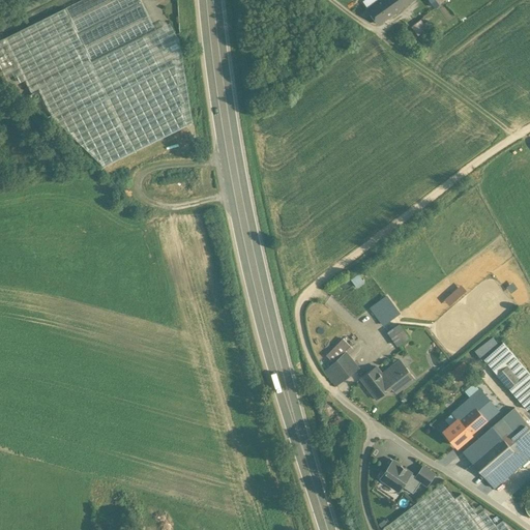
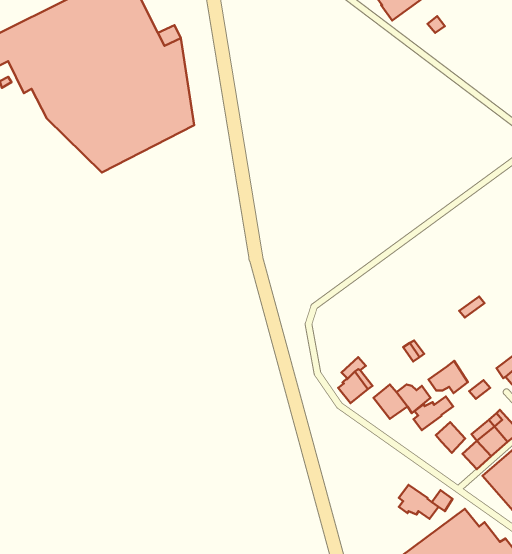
building: [371,296,399,325] -> none
building: none -> [429,361,468,393]
building: none -> [414,397,453,430]
building: none -> [436,422,465,453]

